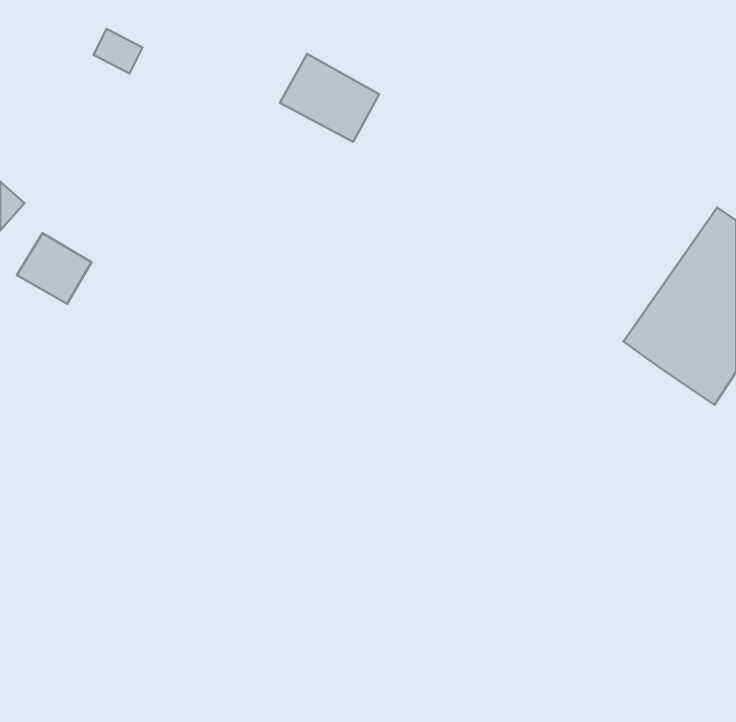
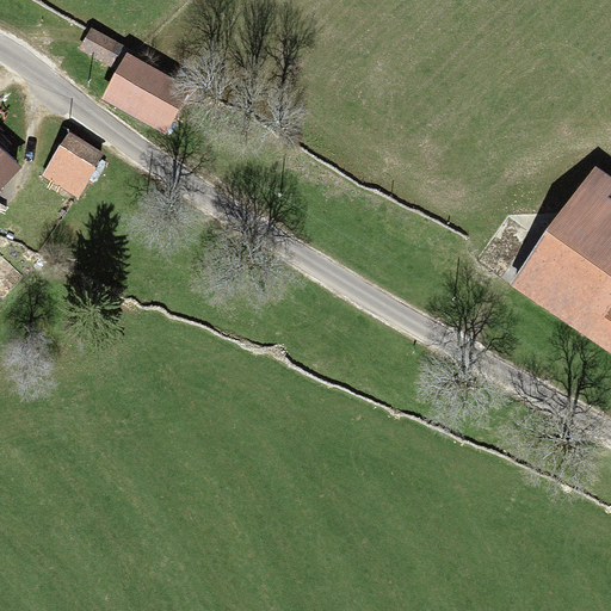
building: [280,54,379,142] -> [104,54,186,126]
building: [17,233,92,304] -> [47,135,109,193]

